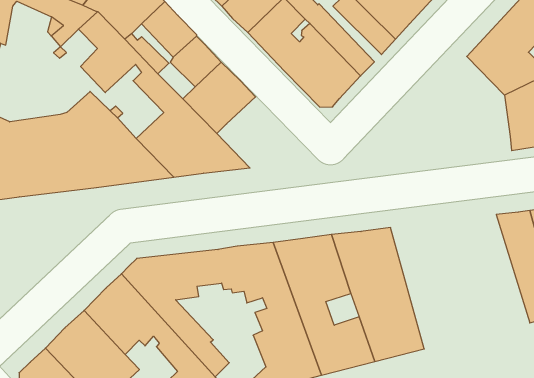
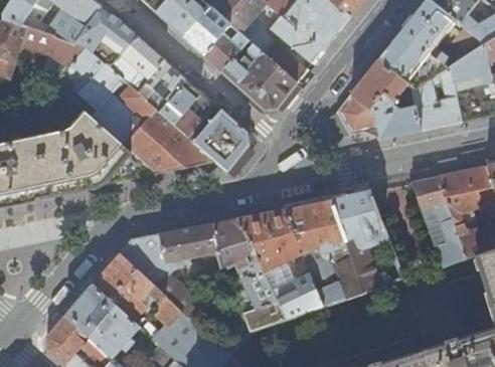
building: none -> [338,59,421,139]
building: none -> [187,110,249,171]
building: none -> [330,190,388,293]

